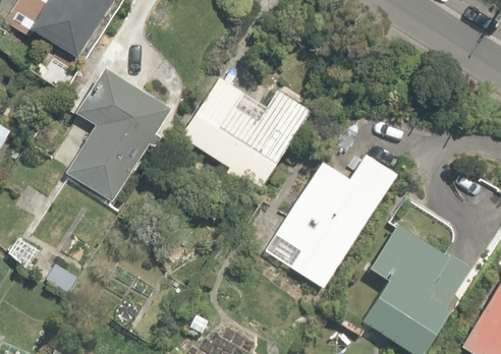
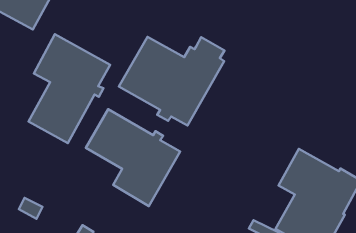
building: [265,152,396,286] -> none
building: none -> [86,109,180,206]

